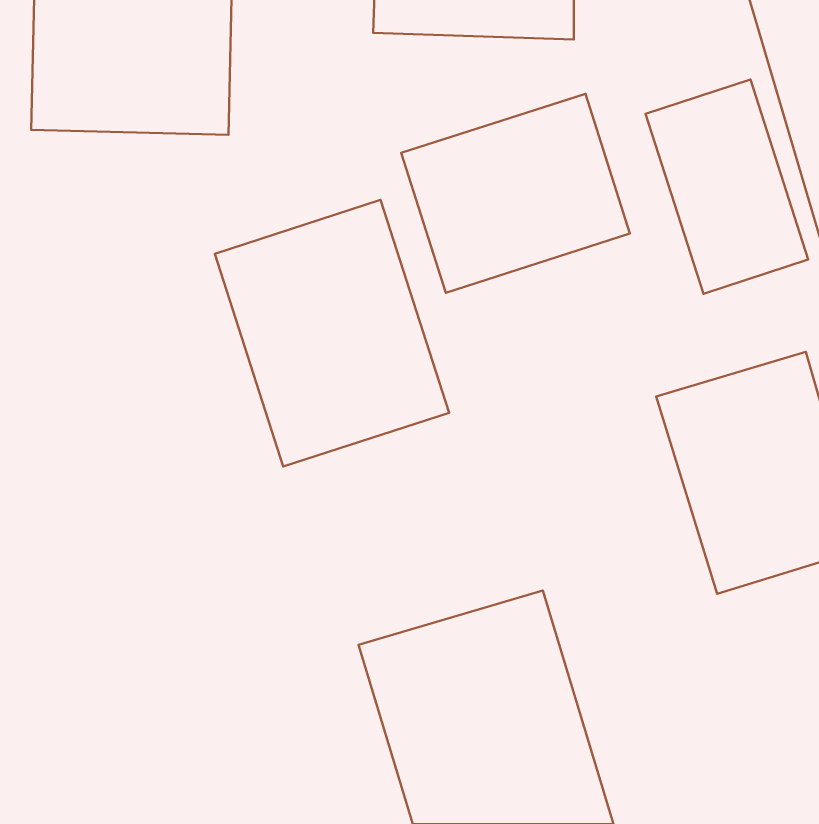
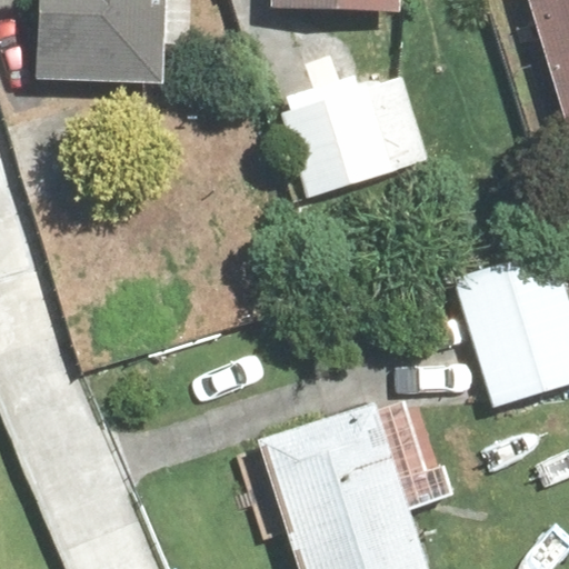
building: [646,80,808,294] -> none
building: [215,200,449,467] -> none

